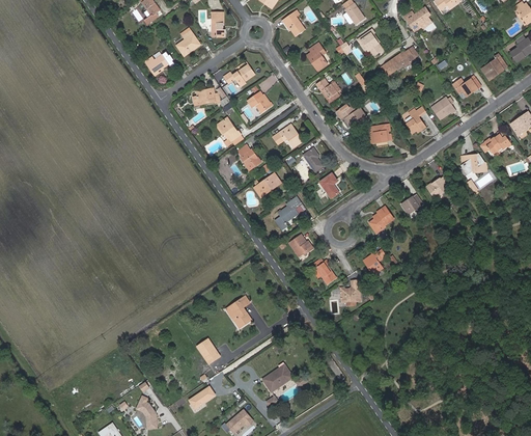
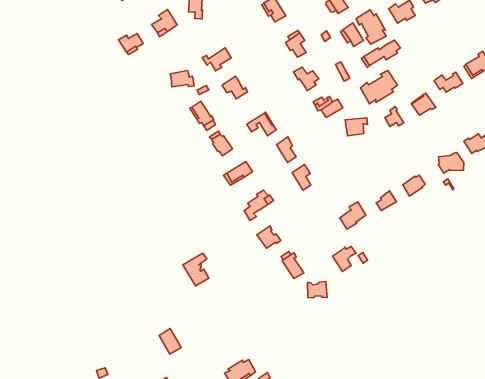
building: none -> [356,10,386,44]
building: none -> [360,70,398,104]
building: [227,297,253,329] -> [183,253,209,286]

